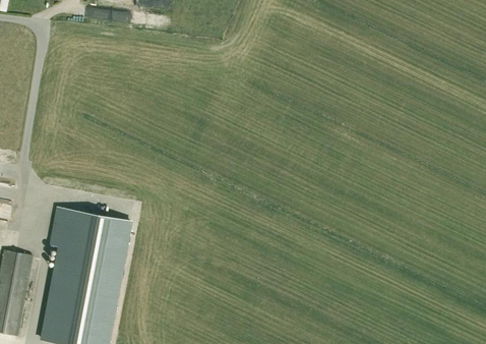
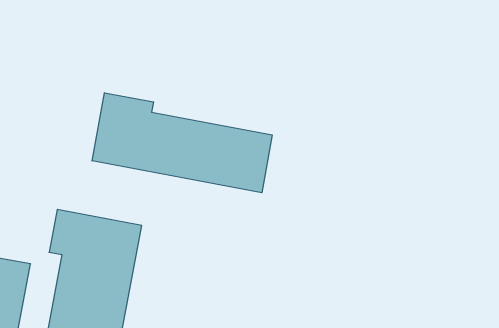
building: none -> [92,93,272,193]

